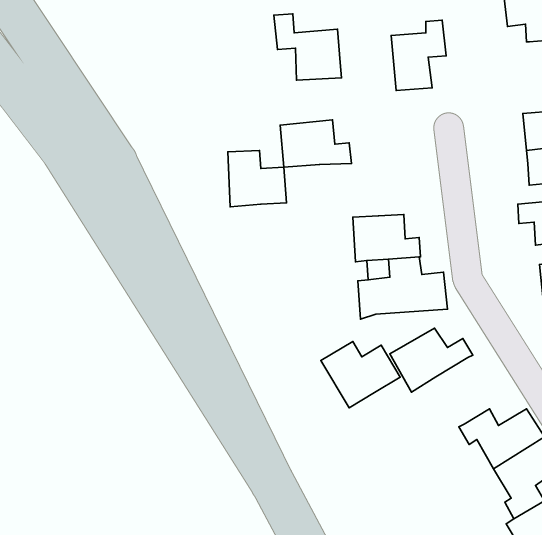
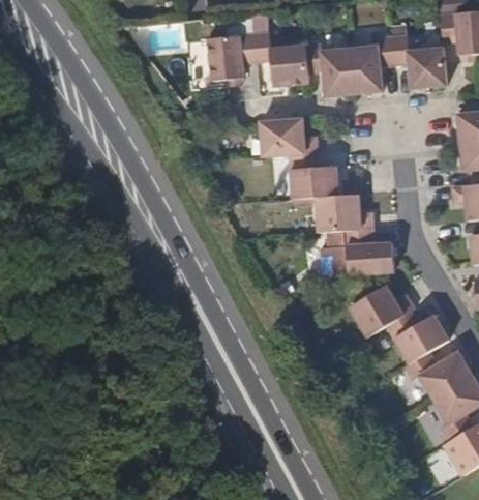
building: none -> [209,33,258,80]
building: none -> [391,36,447,89]
building: none -> [306,43,354,96]
building: [228,151,286,207] -> [292,153,339,199]
building: [321,341,400,408] -> [386,311,450,364]

